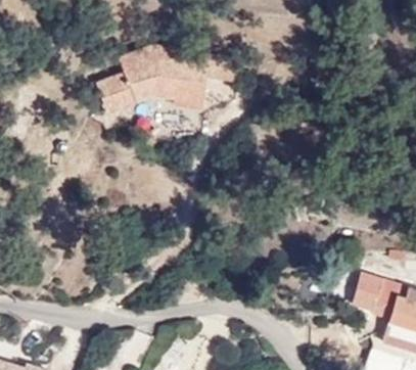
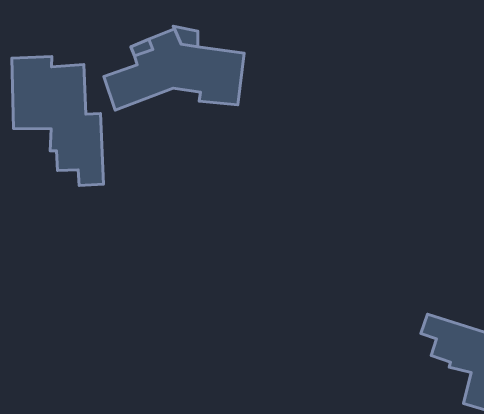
building: none -> [12,56,103,185]

